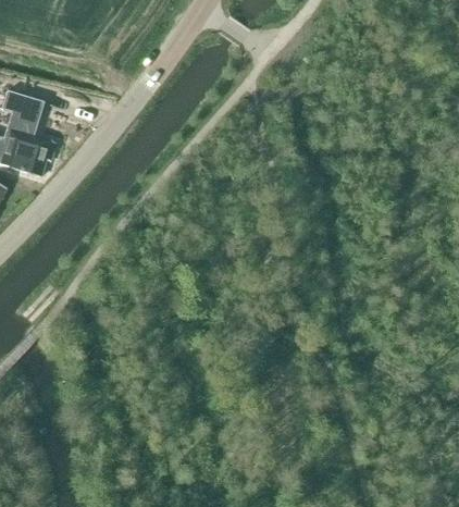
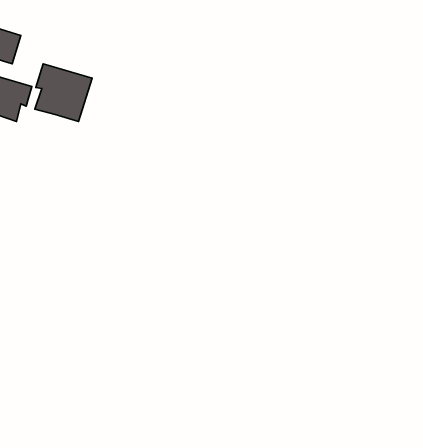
building: none -> [35,64,92,122]

